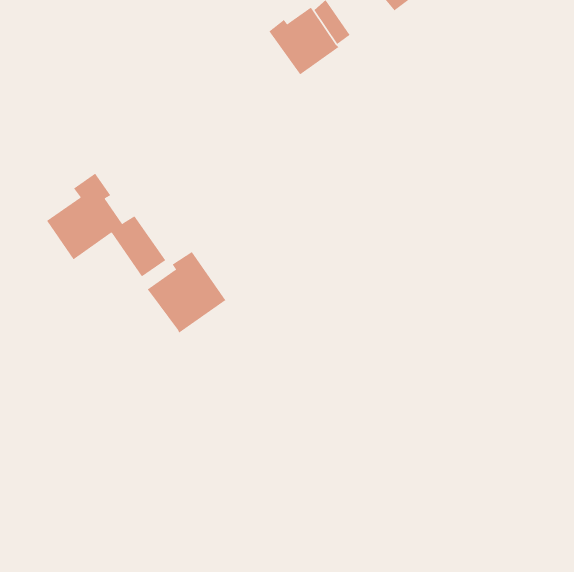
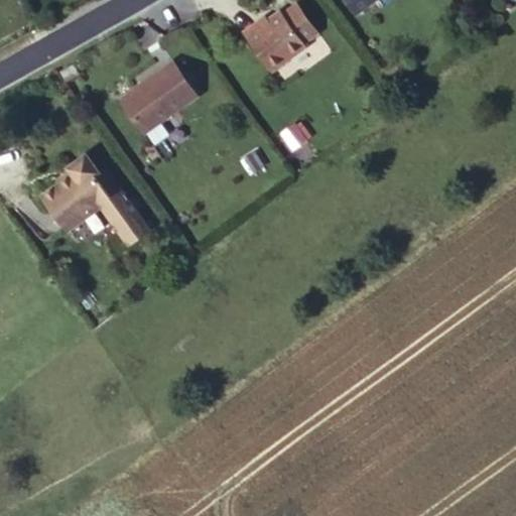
building: none -> [122,62,198,133]
building: [147,251,226,333] -> none

